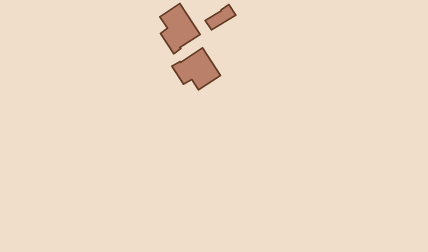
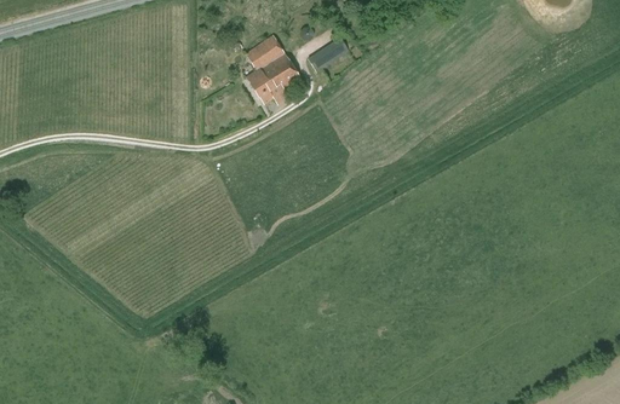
building: [172,48,221,90] -> none

